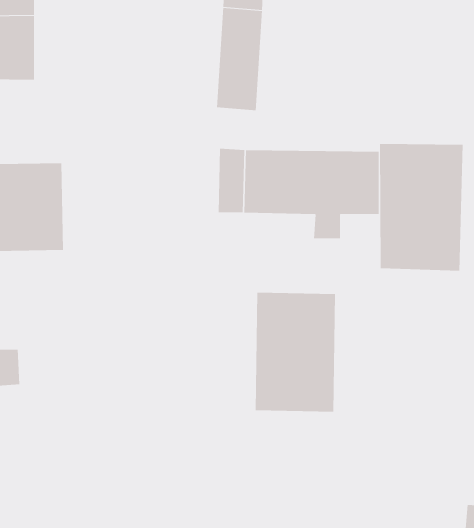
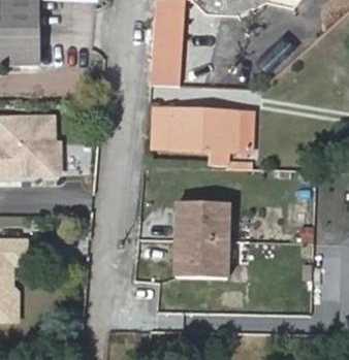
building: [379,143,463,271] -> none

